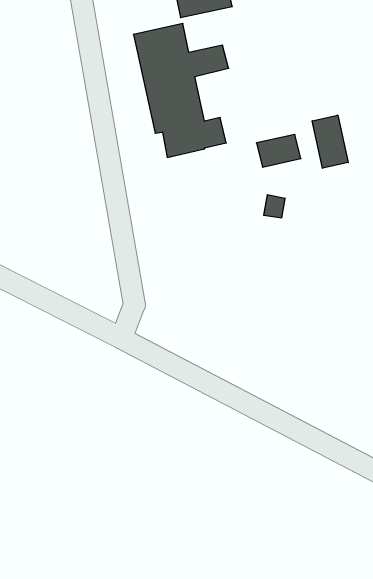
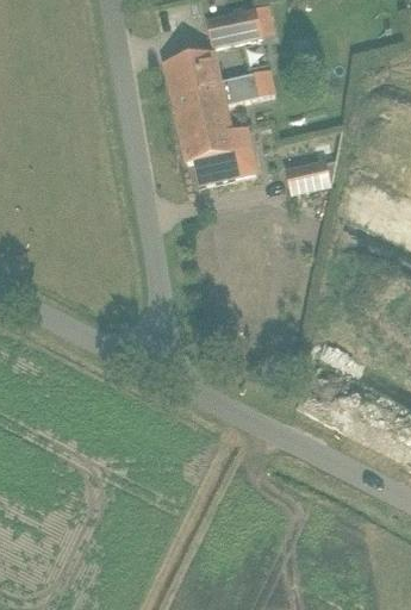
building: [312,115,348,168] -> none

